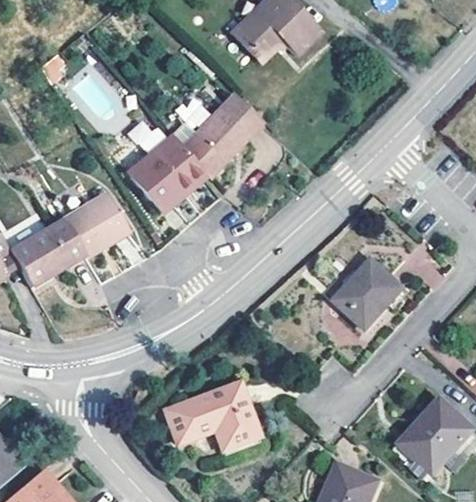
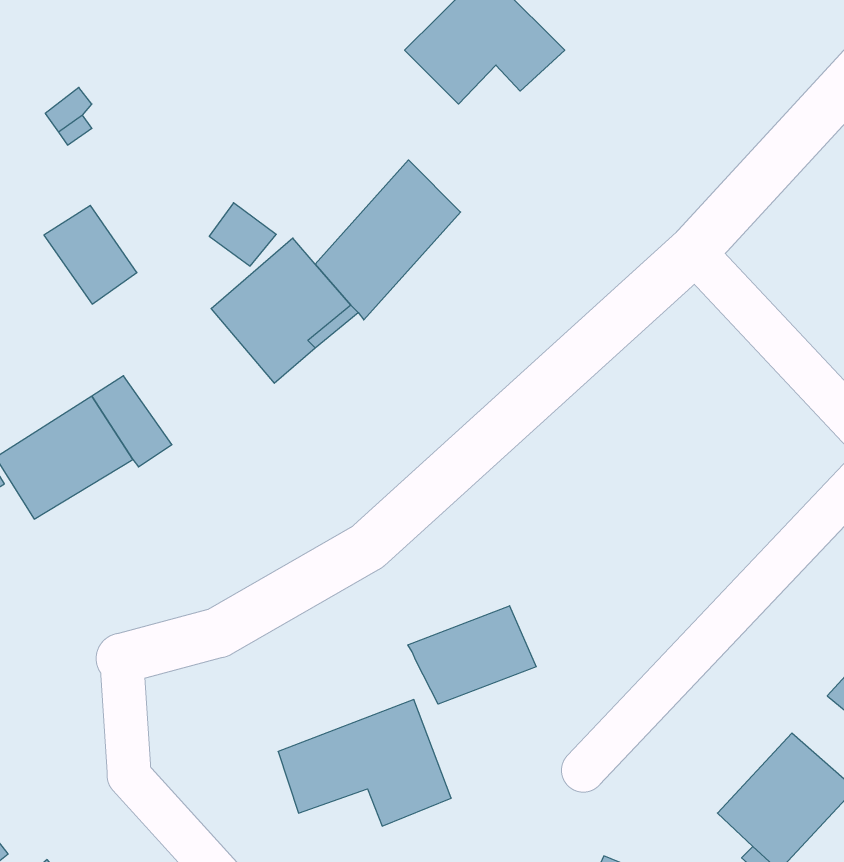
building: [81,192,131,245] -> [44,205,137,304]
building: [334,259,402,328] -> none
building: none -> [408,606,536,704]

